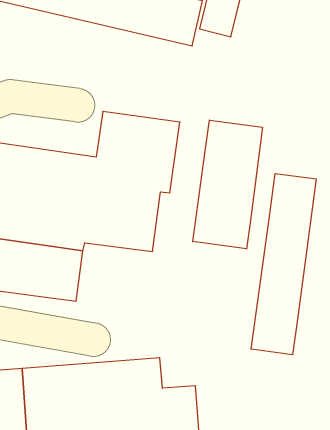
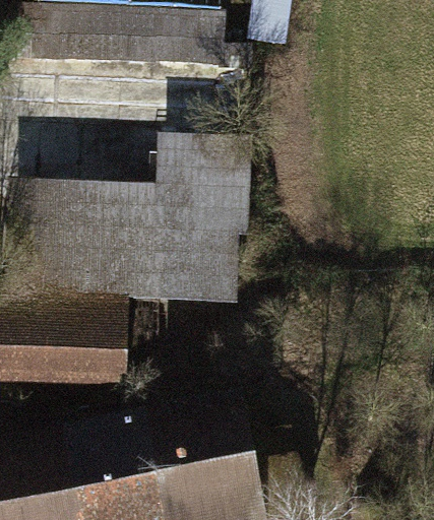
building: [193,120,262,249] -> none
building: [251,174,316,355] -> none

